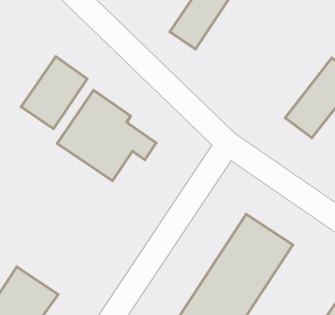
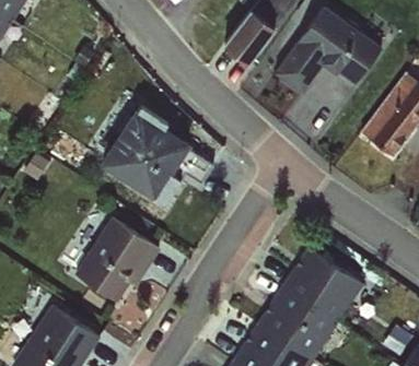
building: none -> [275,11,382,98]
building: [21,57,87,129] -> none
building: none -> [72,221,158,304]

